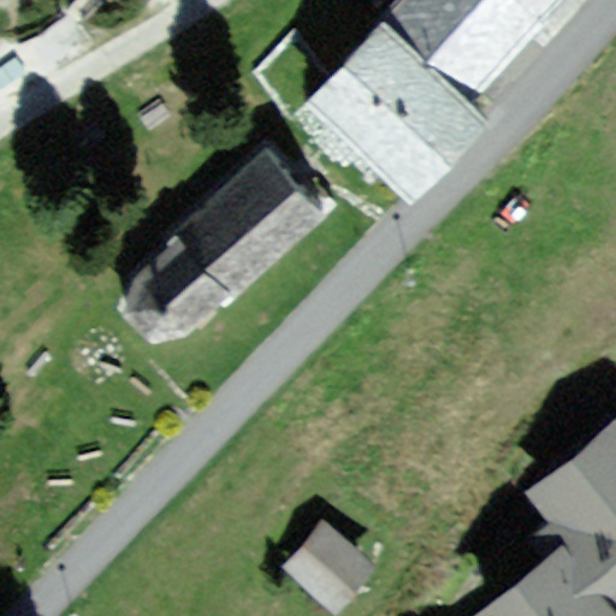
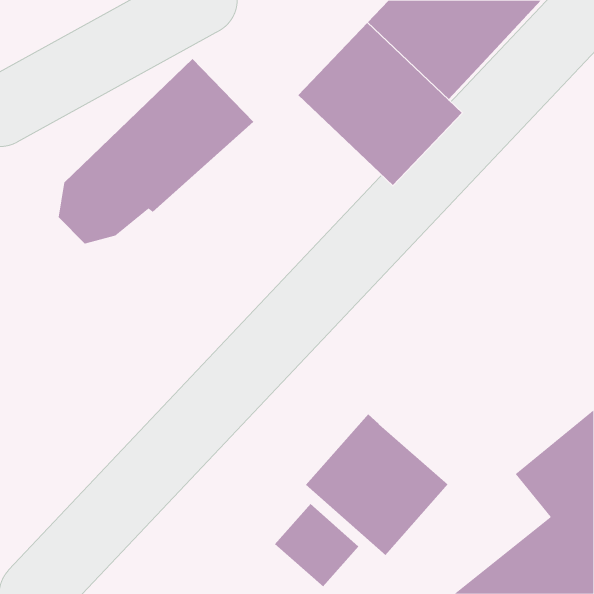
building: [124,147,327,339] -> [58,58,254,244]
building: none -> [305,413,448,556]

